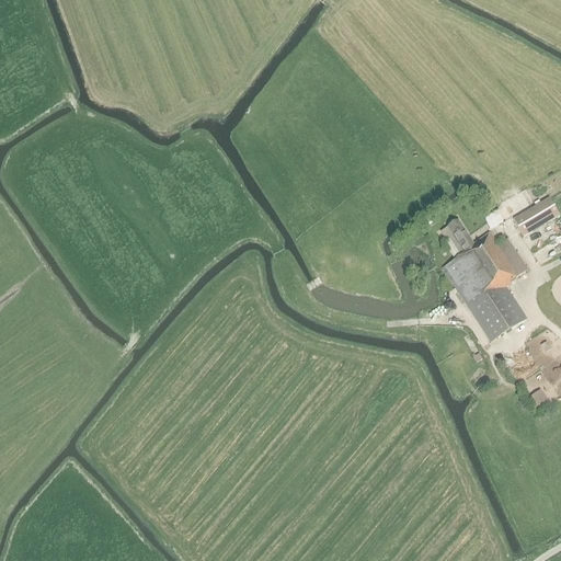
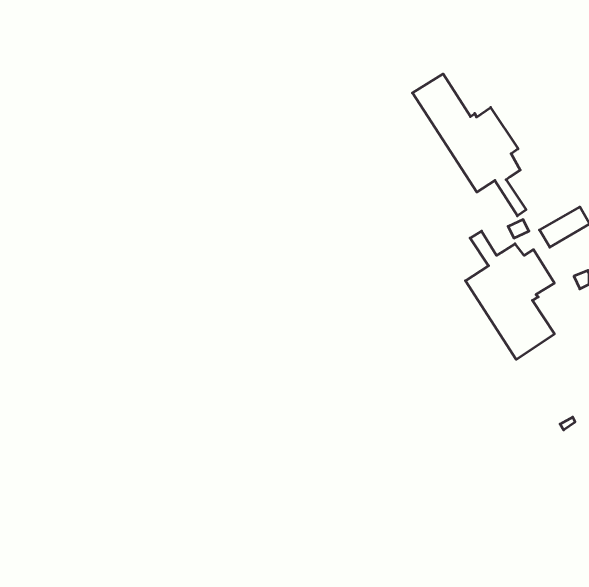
building: none -> [412,74,526,216]

